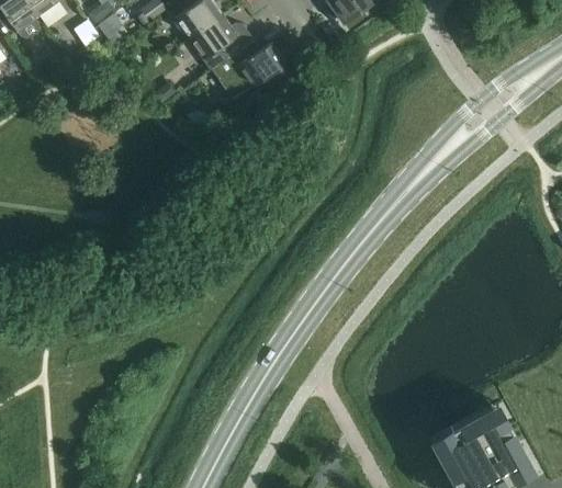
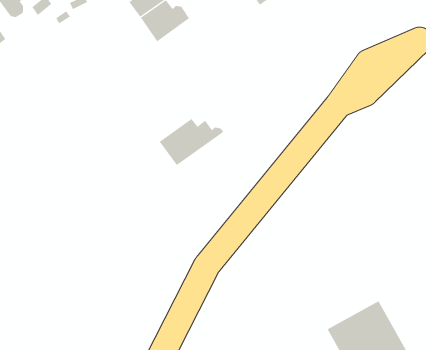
building: [211,39,295,101] -> [159,118,224,166]

